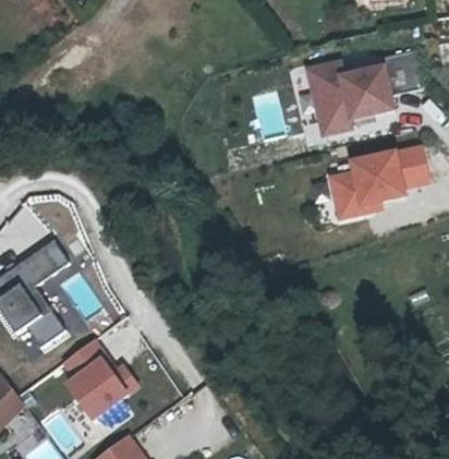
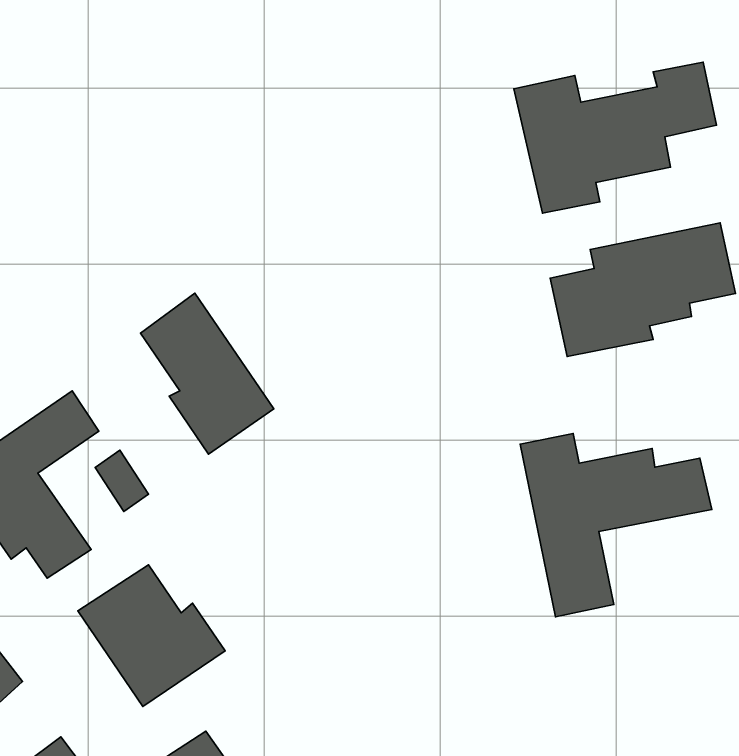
building: none -> [140,293,274,454]
building: none -> [520,433,712,617]

